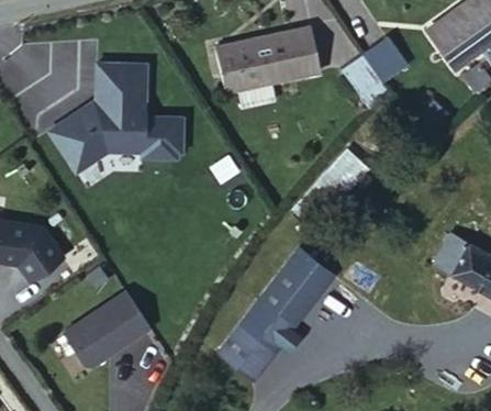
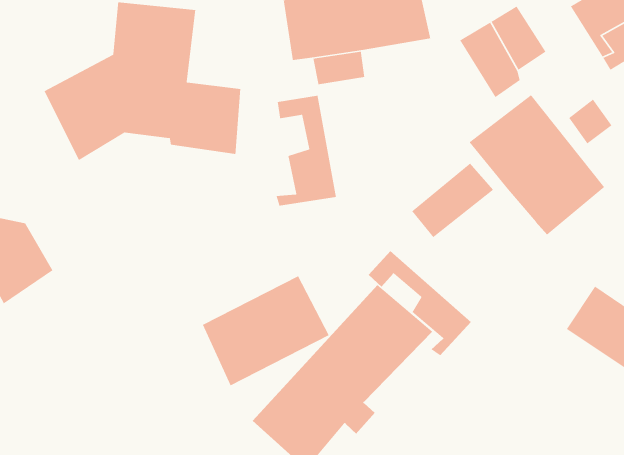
building: none -> [468,94,605,236]
building: none -> [275,95,337,206]
building: none -> [368,250,472,356]
building: [63,291,154,375] -> [202,275,330,386]

